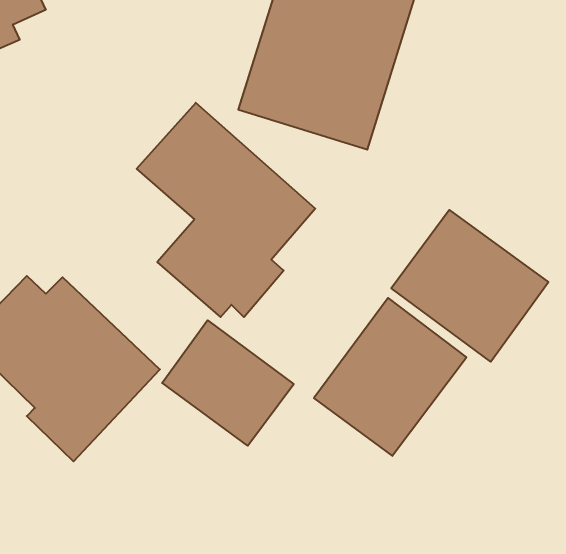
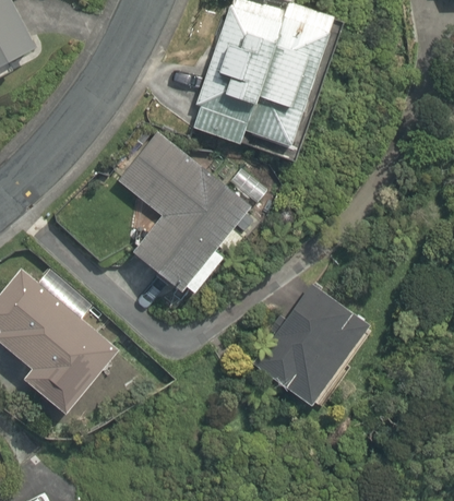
building: [391,210,548,362] -> none
building: [162,320,294,446] -> none

